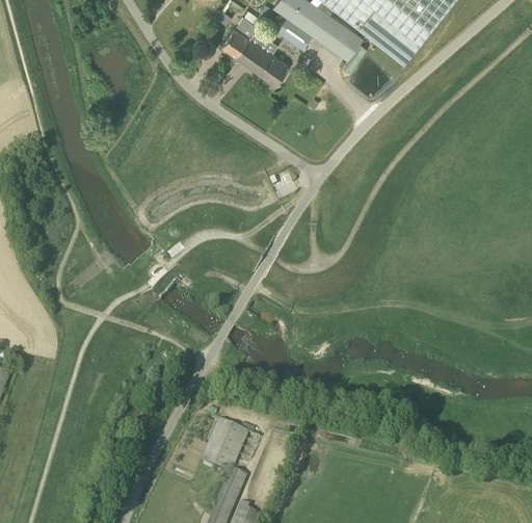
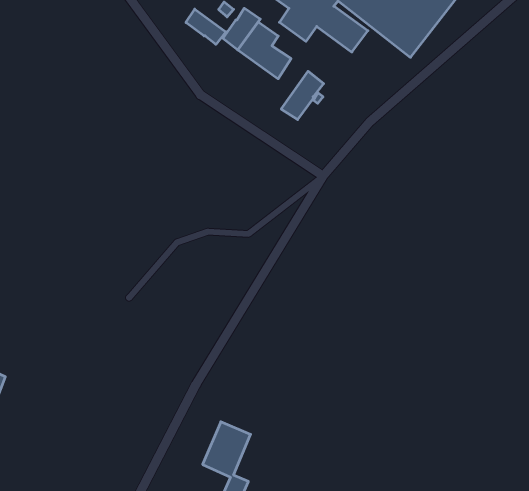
building: none -> [186,9,226,44]
building: none -> [281,71,324,120]

